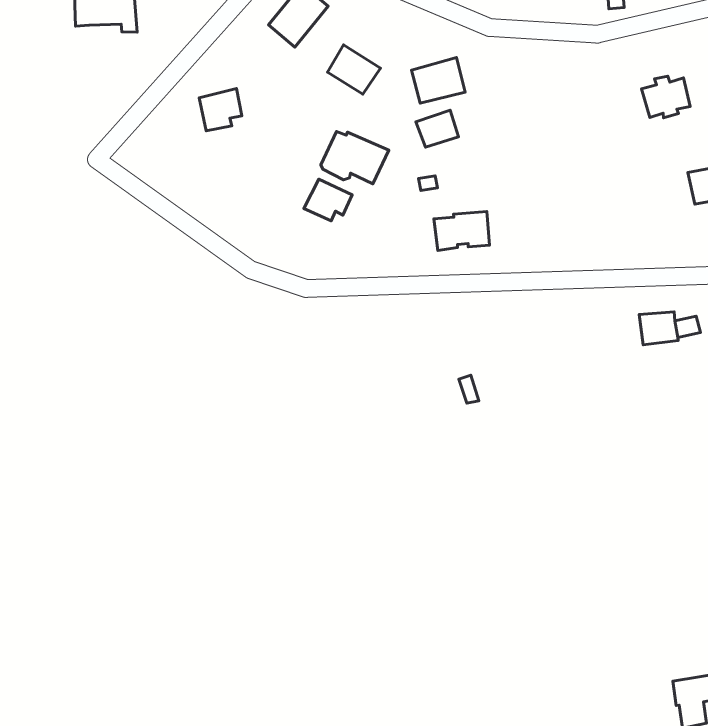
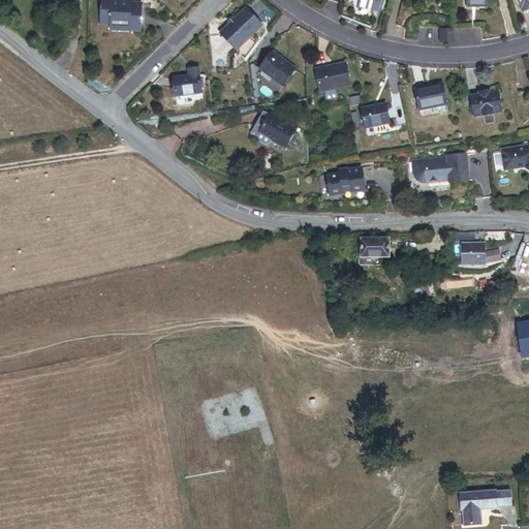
building: none -> [416,83,448,108]
building: [416,110,458,147] -> [363,103,391,127]
building: none -> [409,153,465,180]
building: [304,179,352,221] -> none
building: none -> [360,236,387,258]

